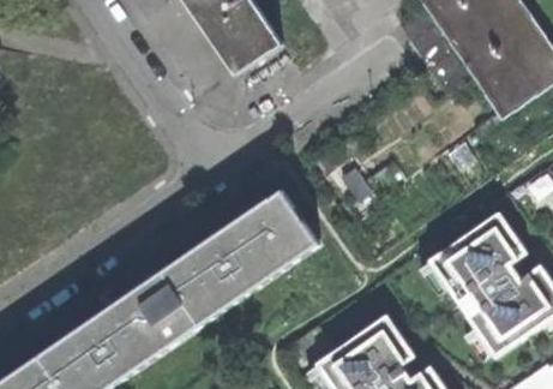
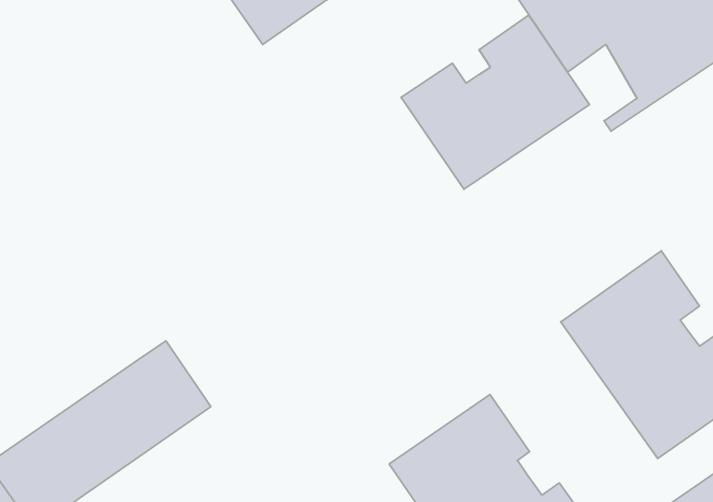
building: none -> [401,15,589,189]
building: [164,194,315,322] -> none

